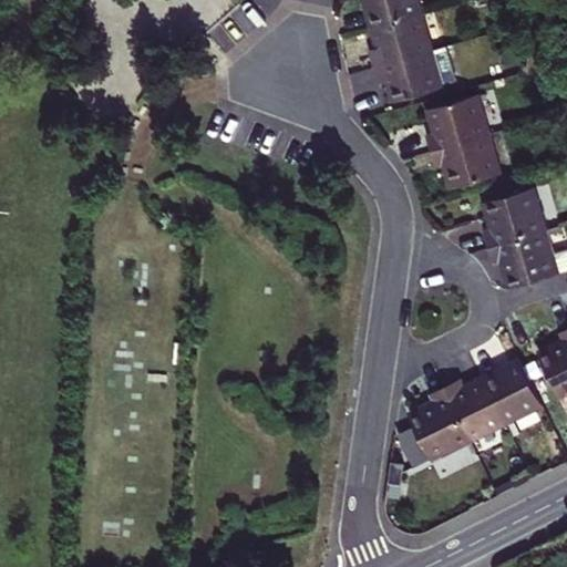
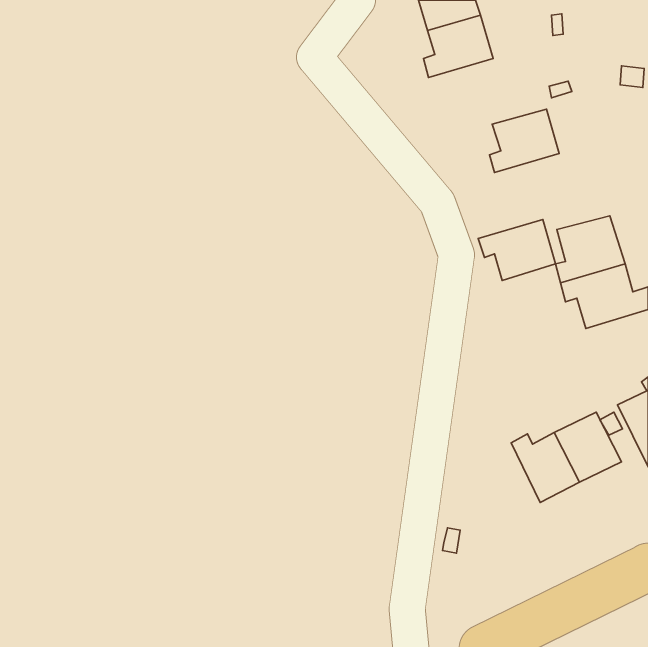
building: [374,48,456,103] -> none
building: [432,135,499,188] -> [478,219,555,280]
building: [410,388,472,460] -> none

